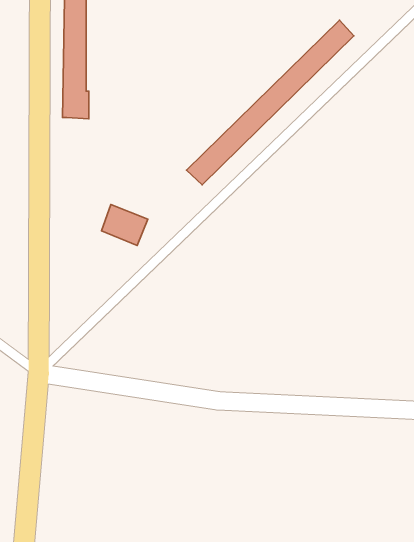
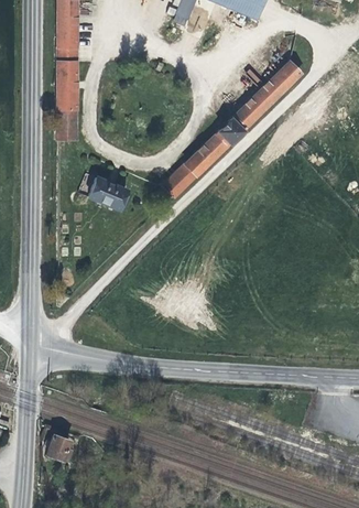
building: [102,205,148,245] -> [88,179,127,213]
building: none -> [47,434,74,464]

